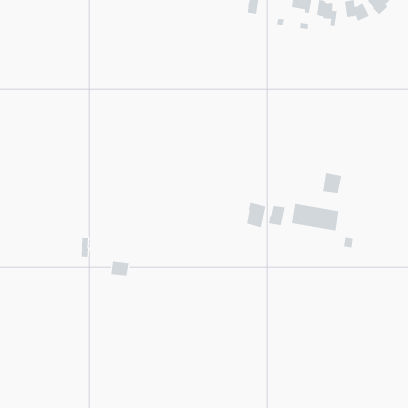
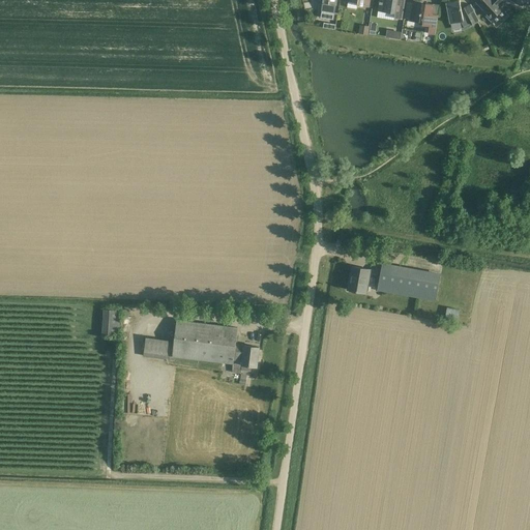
building: [322,172,342,194] -> none
building: [247,202,266,228] -> none
building: none -> [172,327,258,370]

